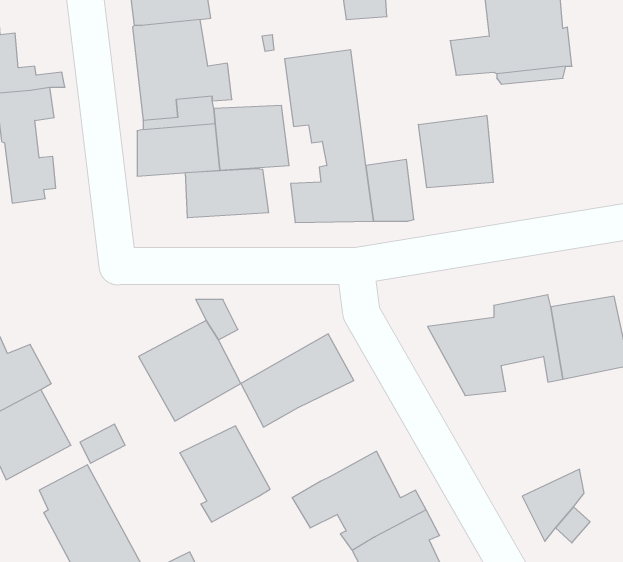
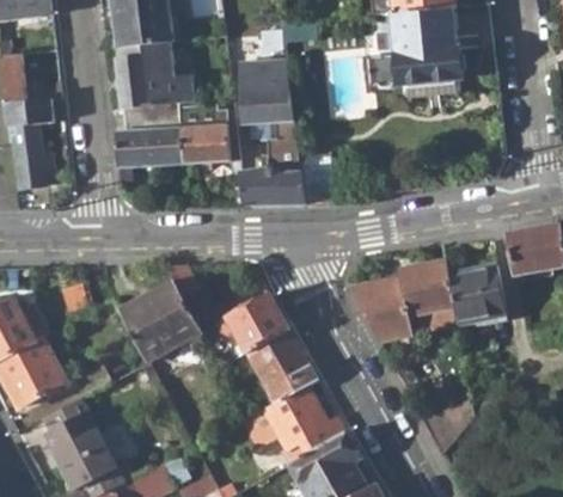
building: [418,115,493,188] -> none
building: [186,169,269,218] -> none
building: [180,426,270,522] -> [246,330,318,406]

